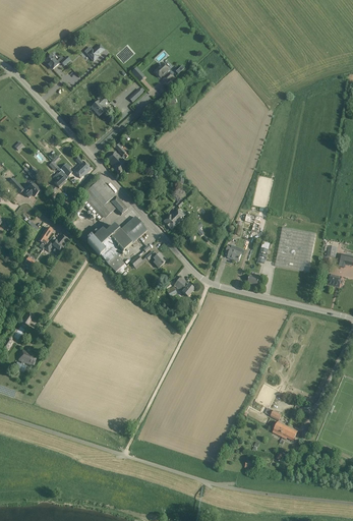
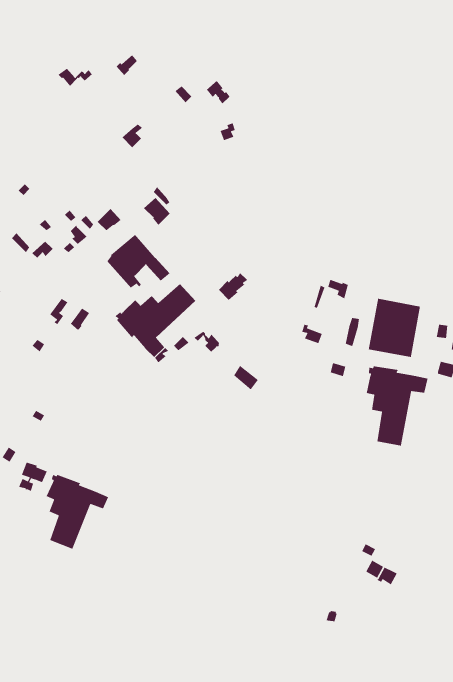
building: none -> [366,366,428,446]
building: none -> [46,474,109,550]

